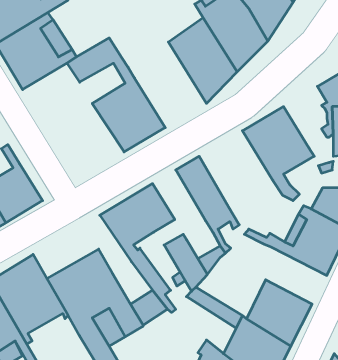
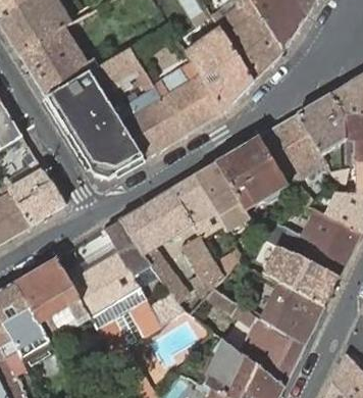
building: none -> [147,52,222,135]
building: none -> [45,72,143,179]
building: none -> [297,95,340,154]
building: none -> [215,138,287,211]
building: none -> [170,176,221,238]
building: none -> [104,219,150,276]
building: none -> [264,247,339,305]

